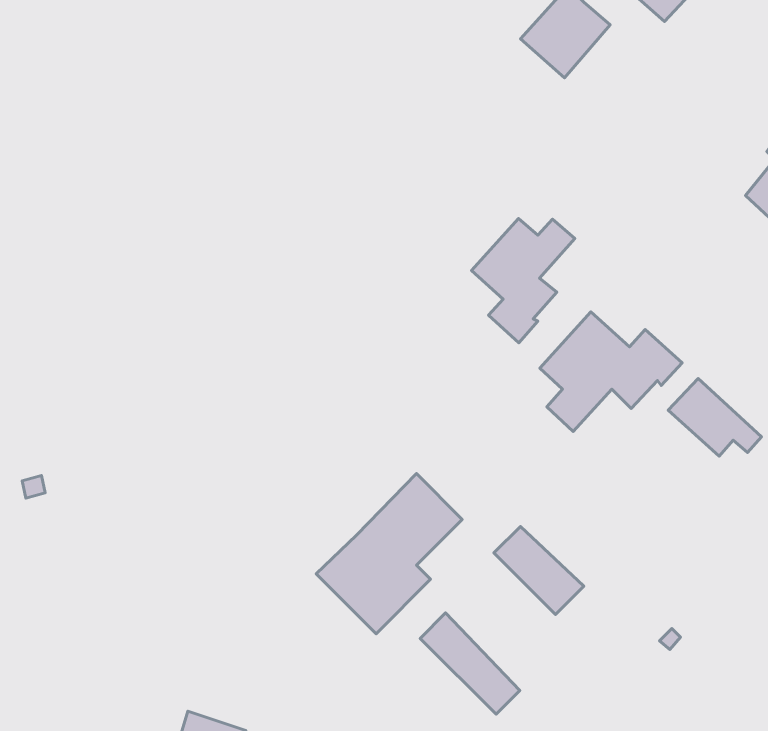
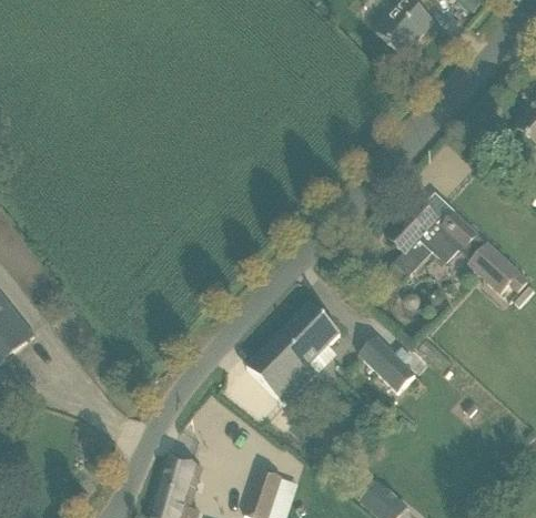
building: [471,218,575,343] -> none
building: [420,613,520,714] -> none

